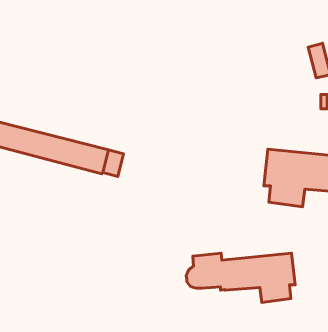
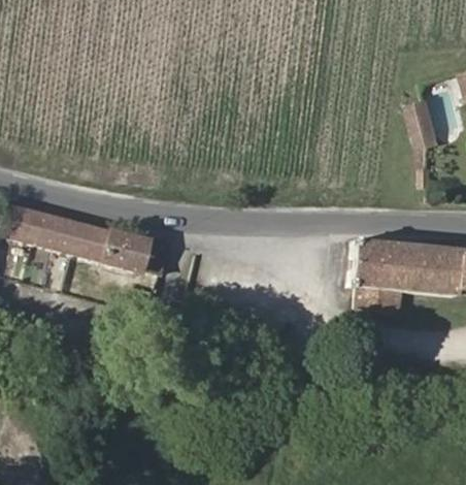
building: [186,253,295,303] -> none

